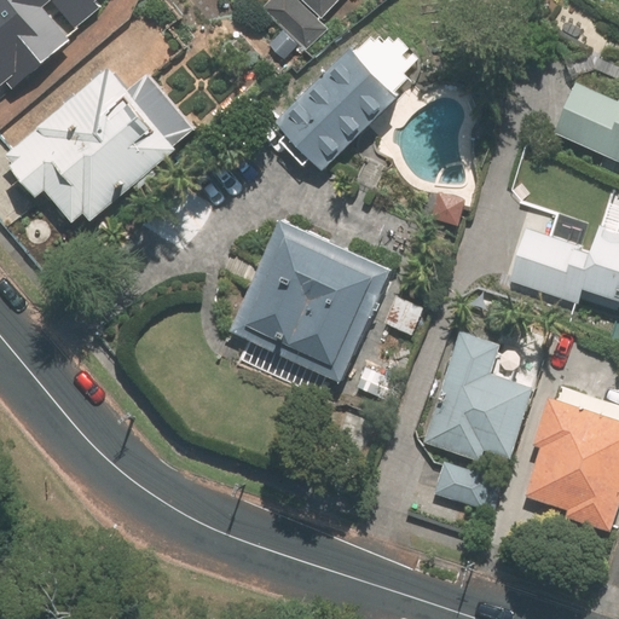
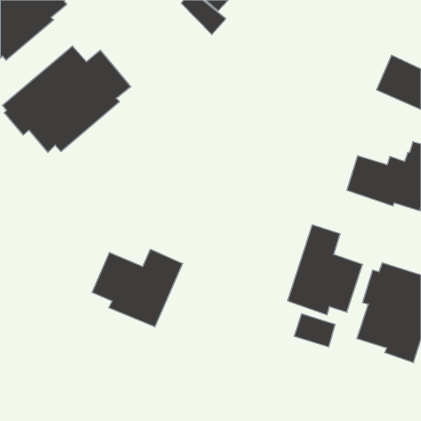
building: [279,34,412,169] -> none
building: [228,218,392,381] -> none
building: none -> [92,249,183,327]

